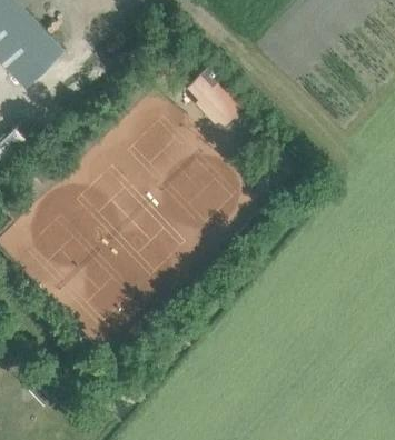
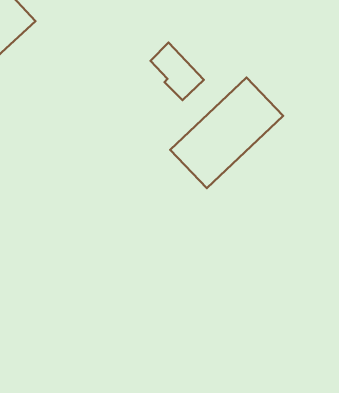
building: none -> [170,77,283,188]

